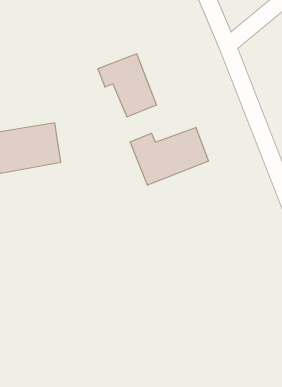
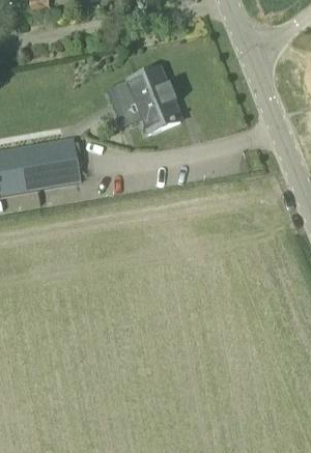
building: [130,127,209,185] -> none

